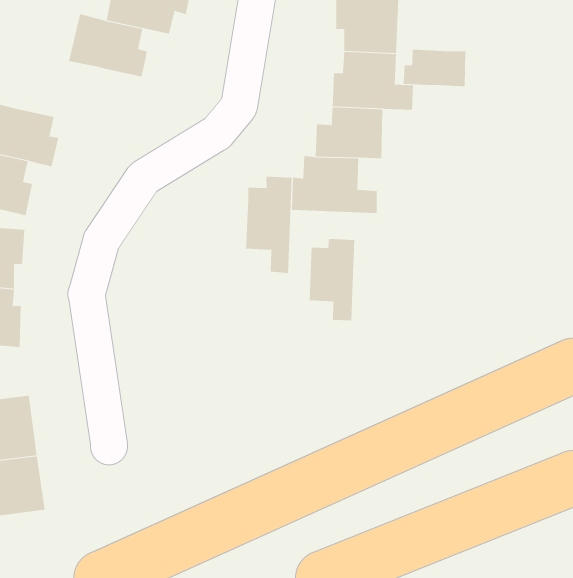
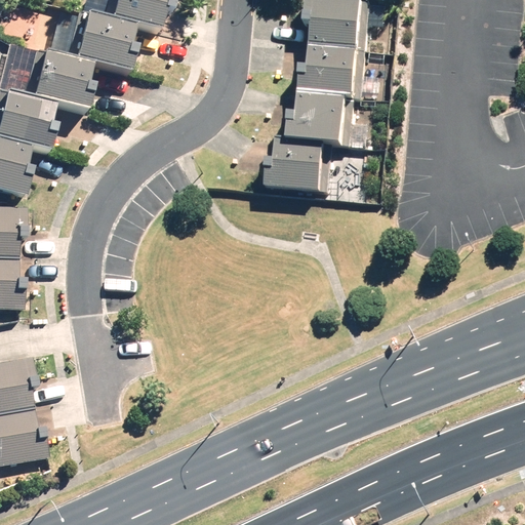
building: [403,49,466,87] -> none
building: none -> [17,47,90,114]
building: [246,176,292,274] -> none
building: [309,238,355,321] -> none

